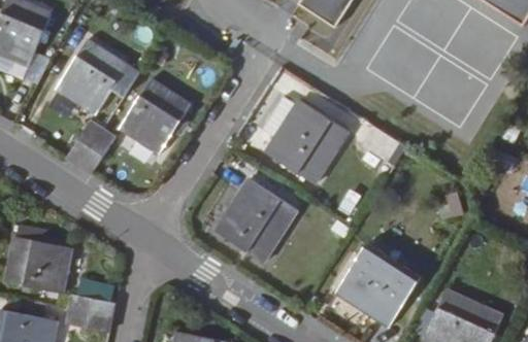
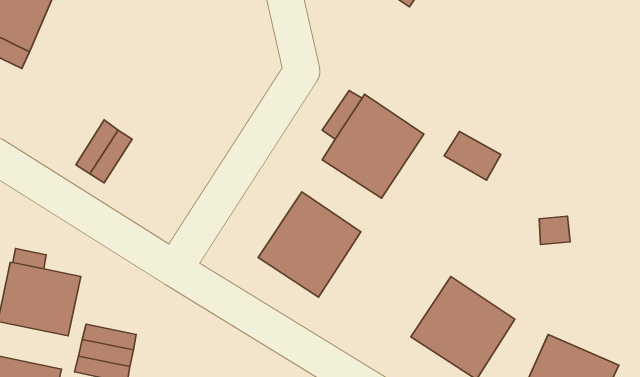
building: [57,42,135,111] -> none
building: [119,81,187,151] -> none

